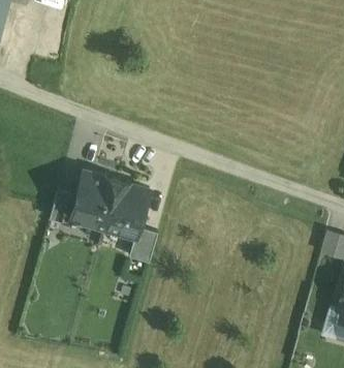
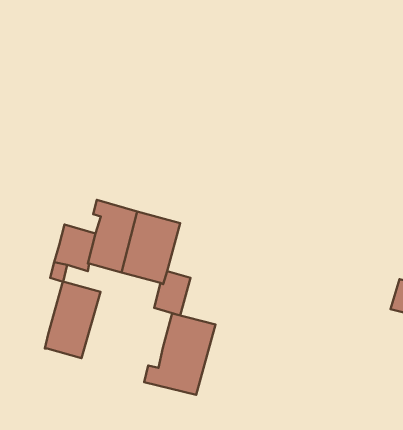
building: none -> [45,282,101,358]
building: none -> [144,313,216,395]

